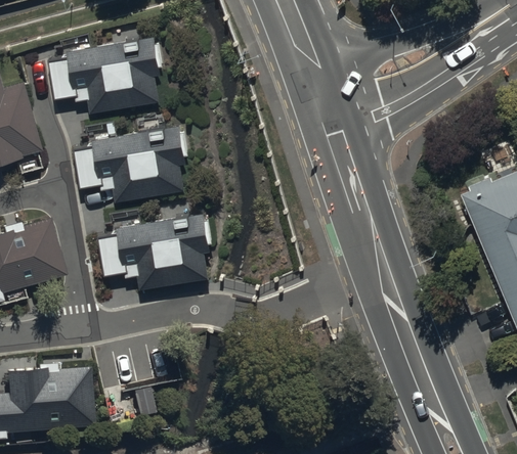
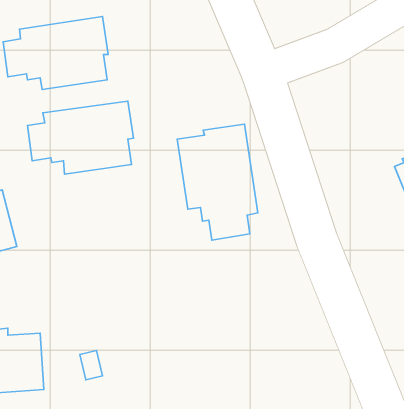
building: none -> [177,124,258,240]
building: [100,213,211,289] -> none

